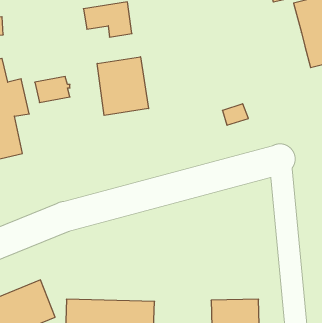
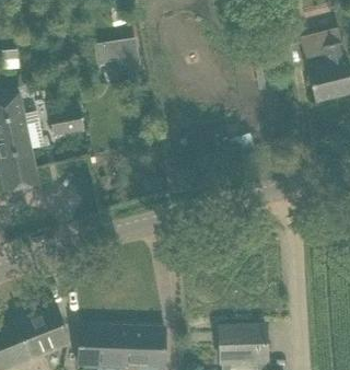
building: [97,57,149,115] -> none

